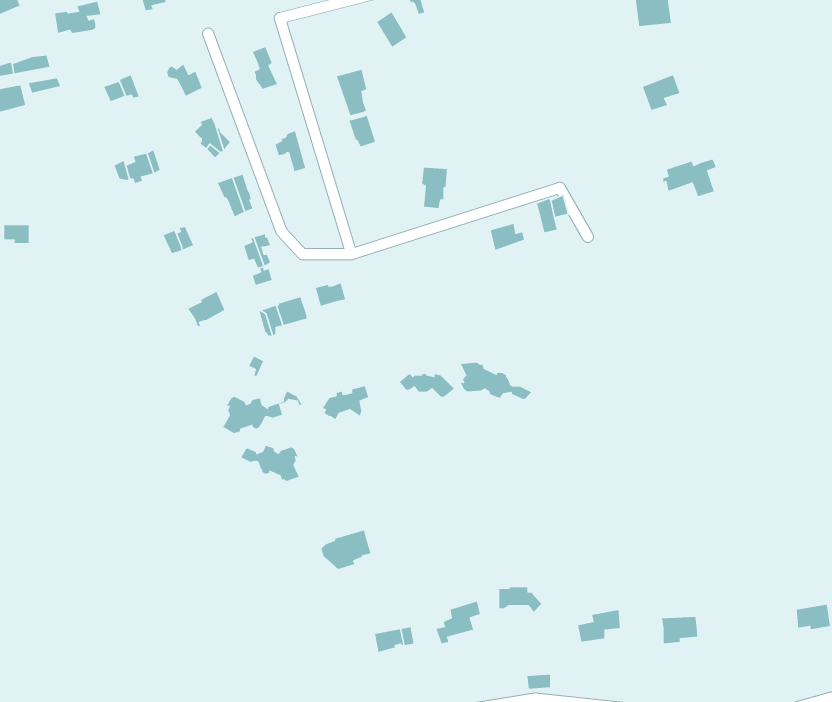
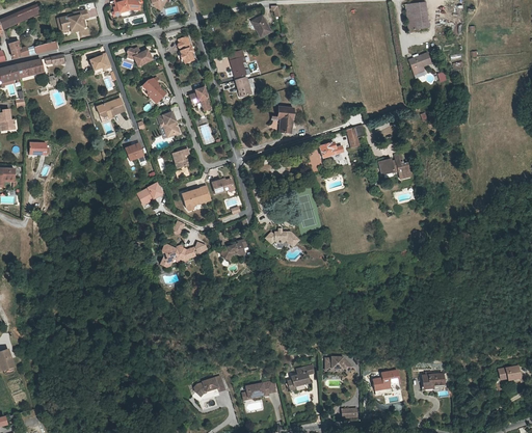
building: [662,159,717,197] -> [380,154,413,177]
building: [459,362,532,400] -> none
building: [240,445,300,482] -> none
building: [321,530,371,570] -> [194,375,224,399]

